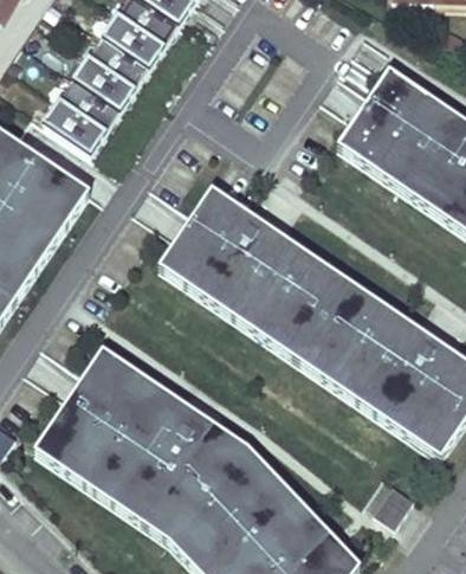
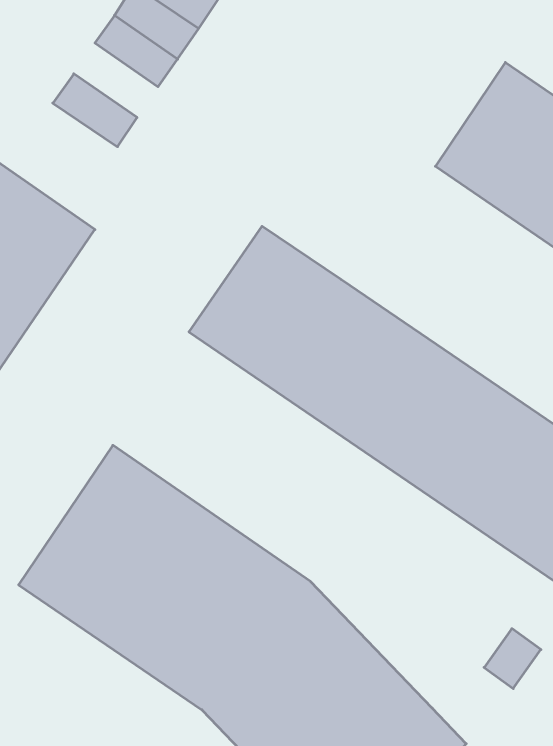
building: [75,52,136,107] -> none
building: [44,96,106,150] -> none

